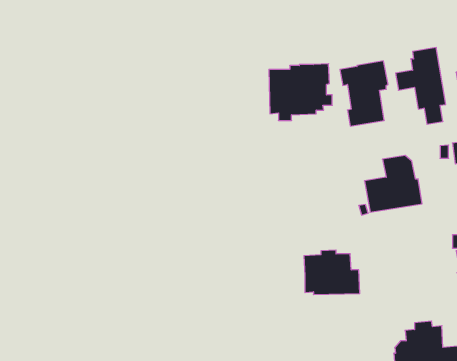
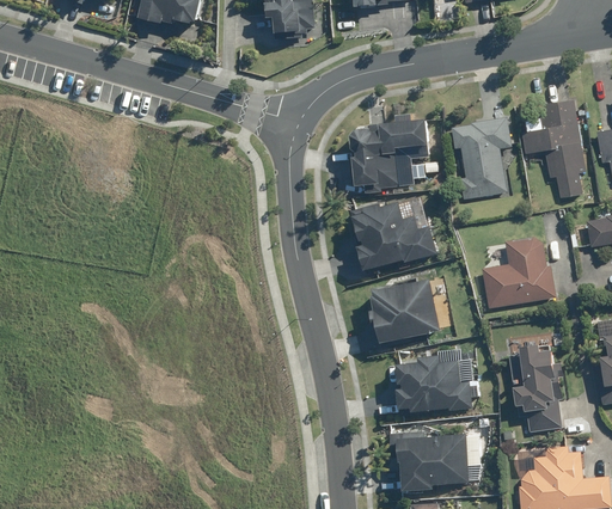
building: none -> [357,202,440,271]
building: none -> [379,280,443,343]
building: none -> [506,345,559,431]
building: none -> [392,429,471,491]

